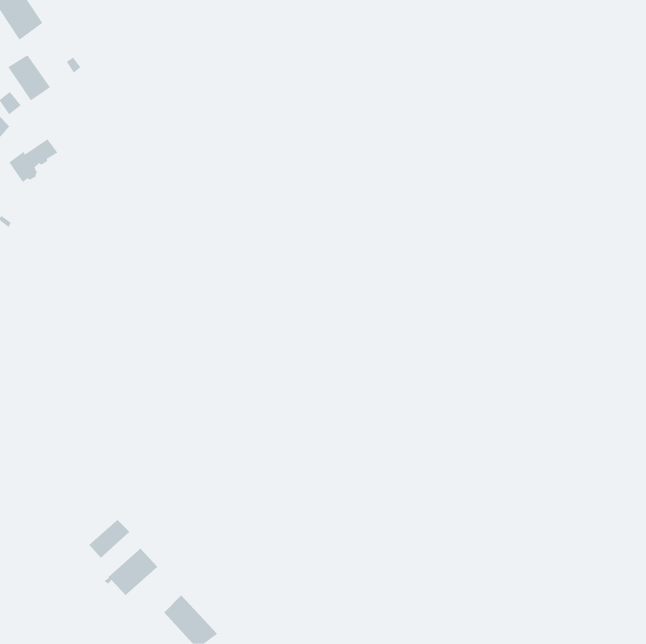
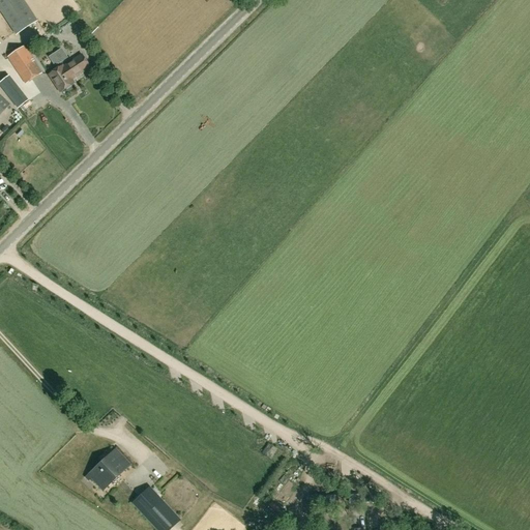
building: [9,139,58,183] -> [49,54,89,90]
building: [89,519,130,559] -> none

